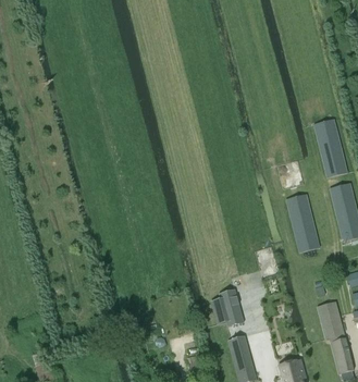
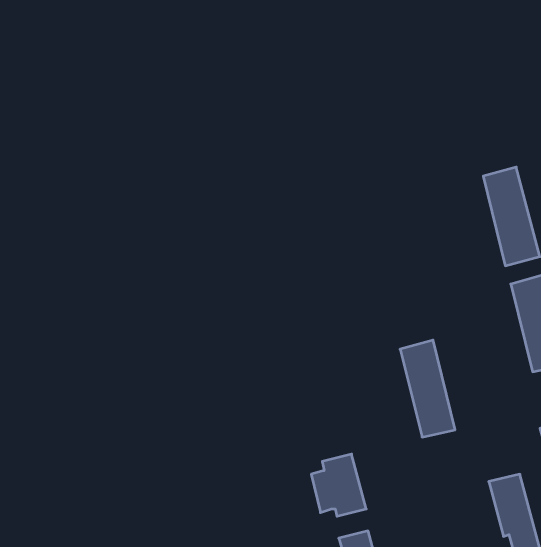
building: [286,194,319,251] -> [400,340,455,437]

